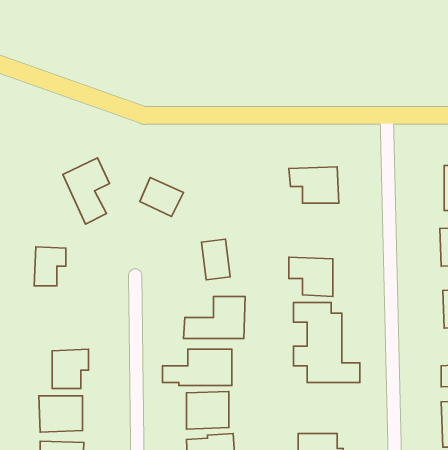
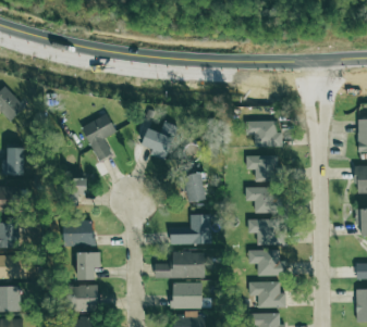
building: none -> [247,155,284,179]
building: none -> [63,221,94,246]
building: none -> [249,281,286,307]

